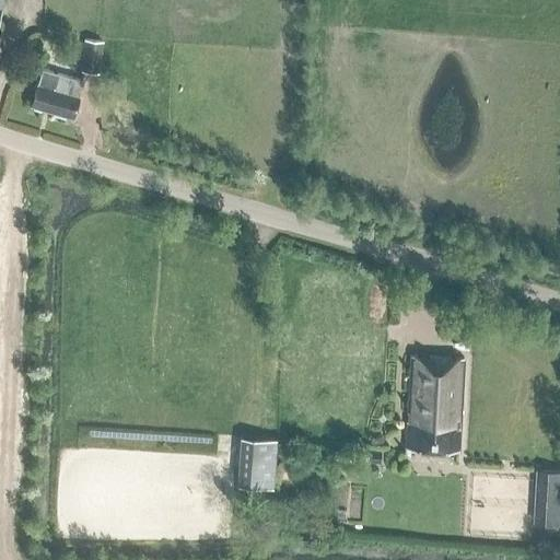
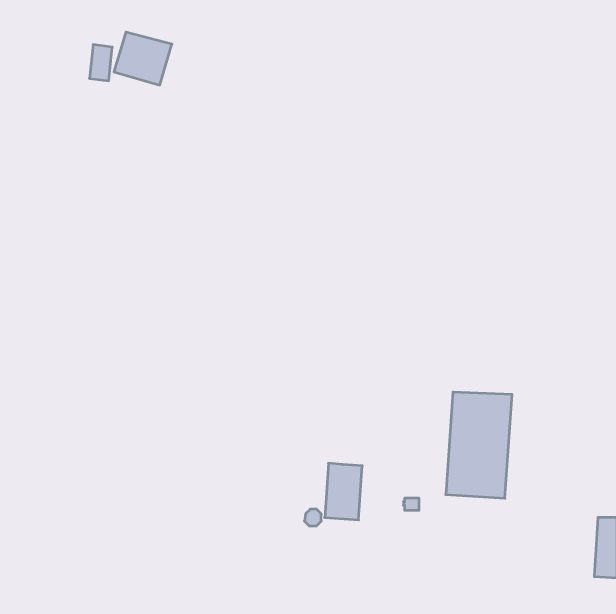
building: [32,72,84,120] -> [114,32,172,85]
building: [243,440,277,491] -> [325,463,362,520]

